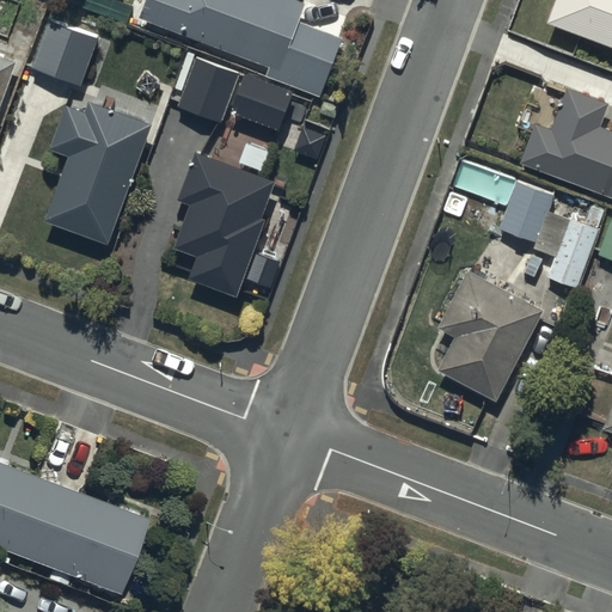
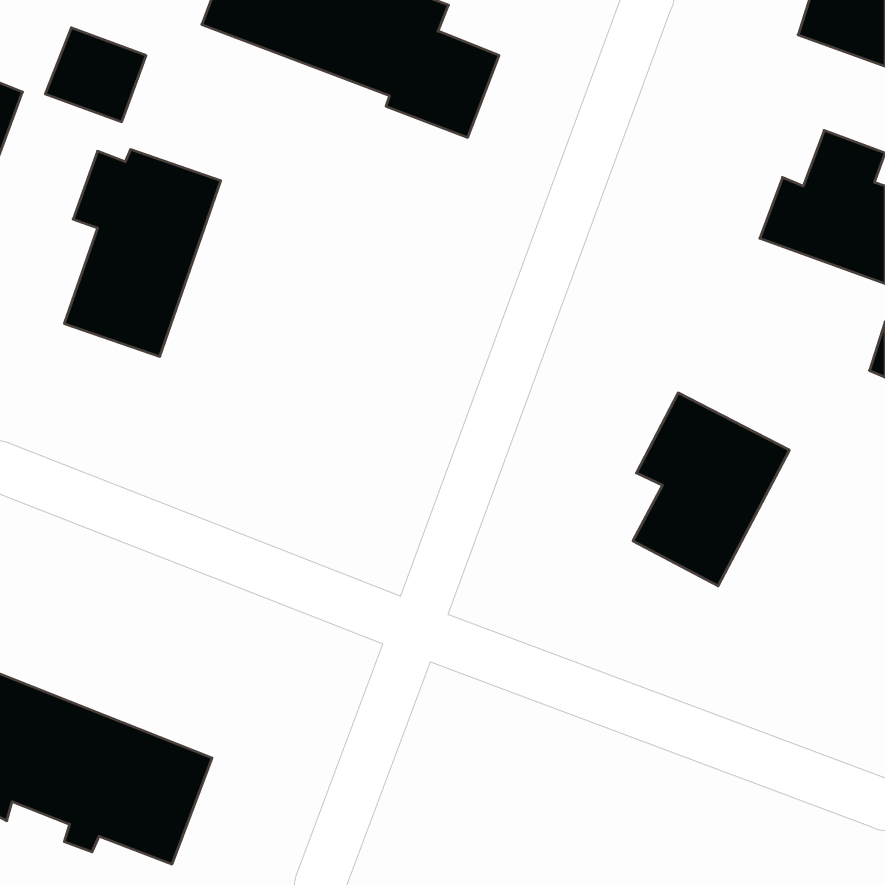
building: [177,57,293,126] -> none
building: [176,153,274,299] -> none
building: [498,180,599,286] -> none

